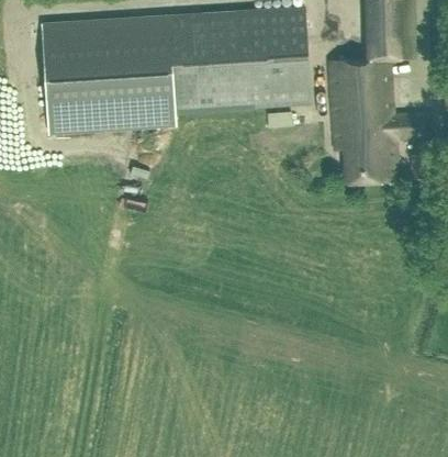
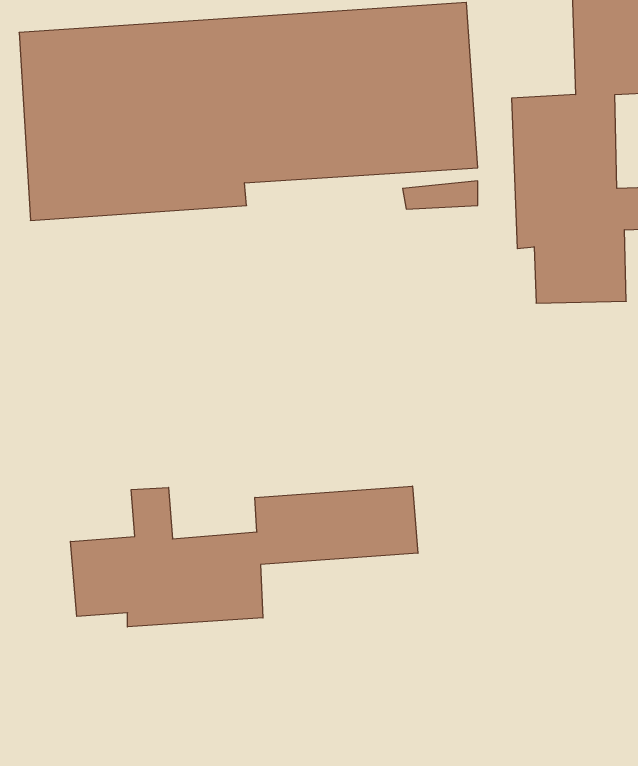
building: none -> [70,486,418,627]

